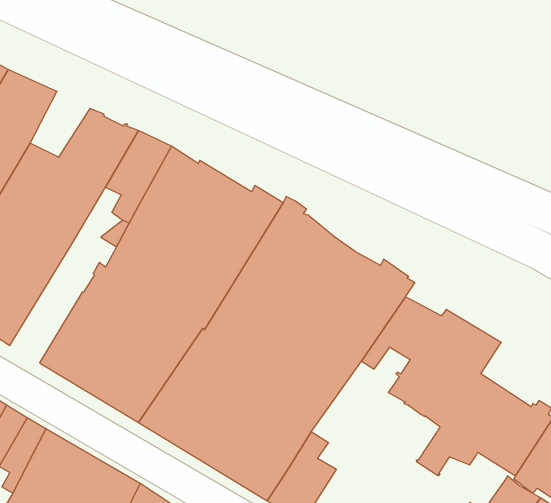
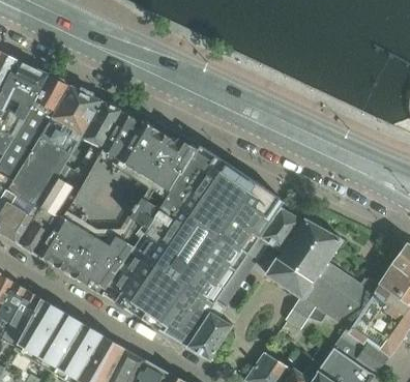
building: none -> [30,76,69,119]
building: none -> [17,177,76,255]

